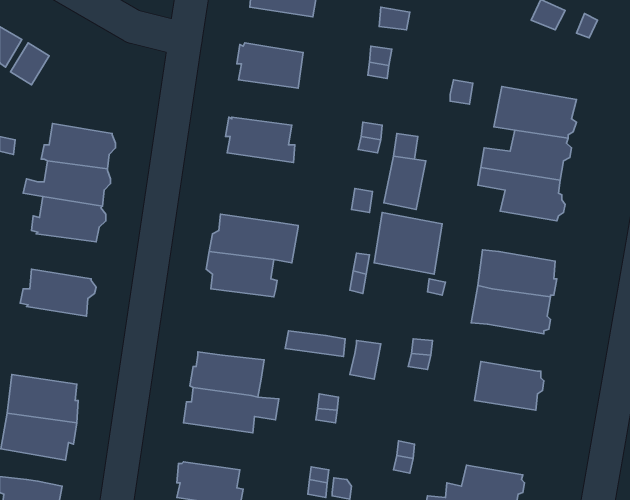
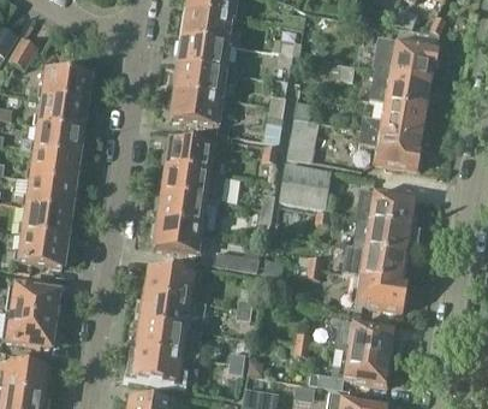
building: none -> [181,11,233,45]
building: none -> [374,42,440,79]
building: none -> [173,65,226,99]
building: none -> [26,67,94,105]
building: none -> [161,138,216,171]
building: none -> [20,179,76,213]
building: none -> [150,220,204,255]
building: none -> [12,233,67,265]
building: none -> [341,244,405,281]
building: none -> [135,320,203,358]
building: none -> [337,321,394,358]

